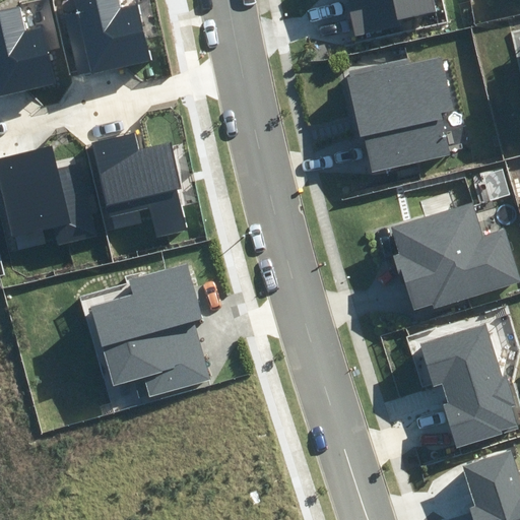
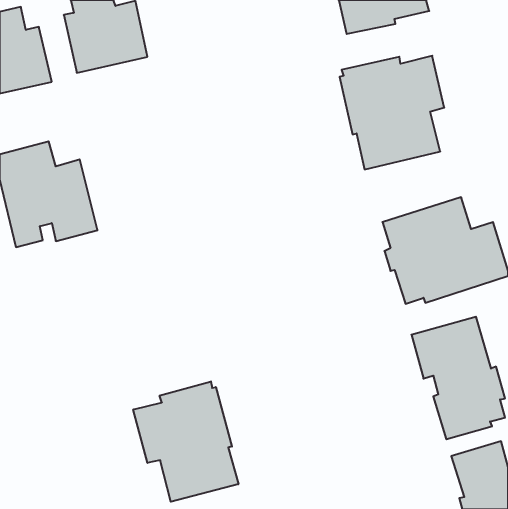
building: [92,133,186,238] -> none
building: [90,264,211,398] -> none
building: none -> [133,381,238,502]

